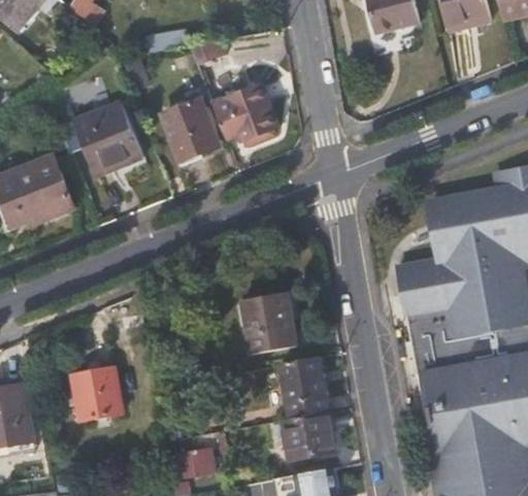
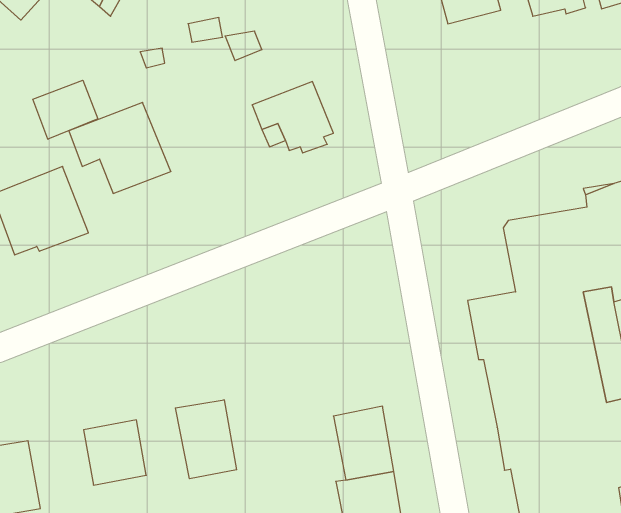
building: none -> [33,80,98,139]
building: [163,98,219,161] -> none
building: [243,293,297,353] -> none
building: none -> [175,400,237,479]

